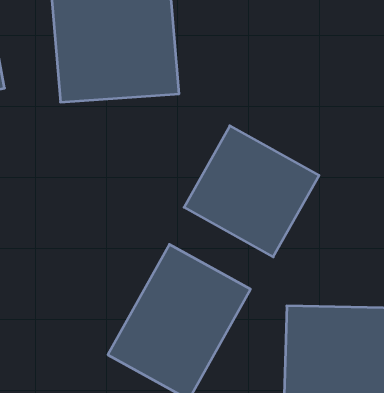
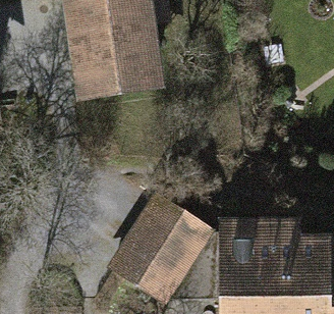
building: [184,126,319,257] -> none

